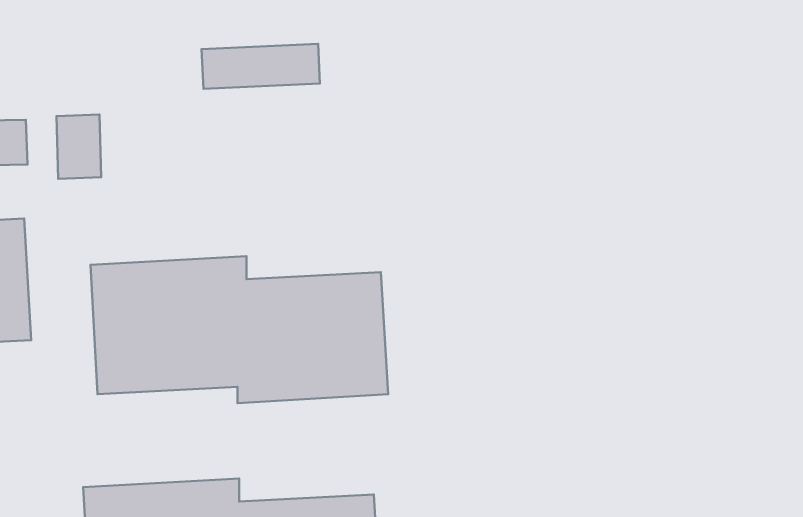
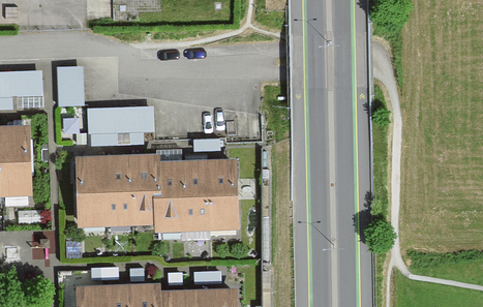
building: [202,44,320,89] -> [82,108,150,133]

